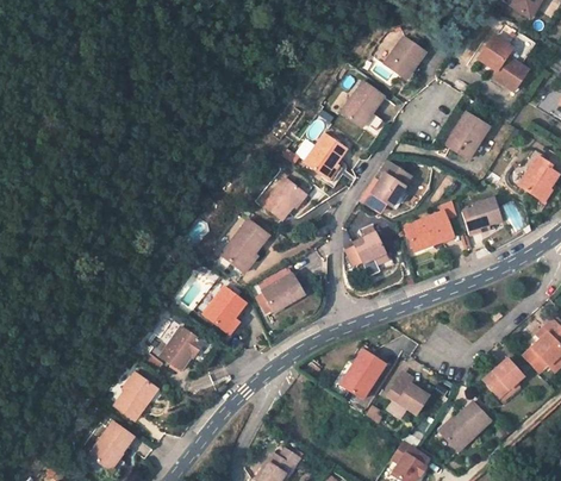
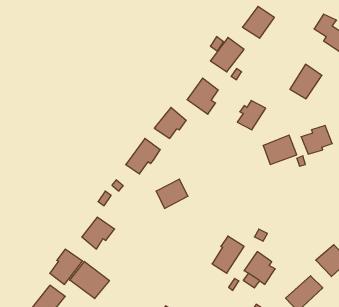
building: [344,225,391,266] -> none
building: [202,283,248,331] -> none
building: none -> [70,261,109,299]

